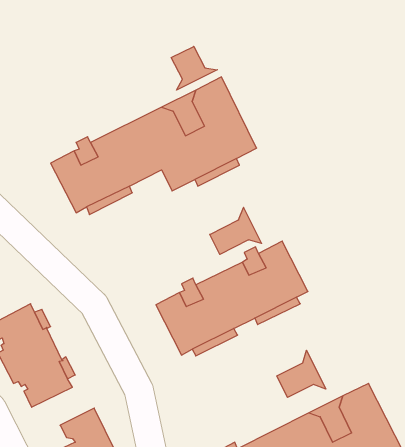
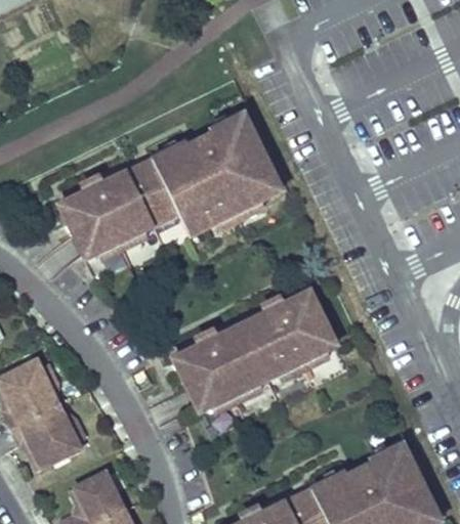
building: [171,46,217,90] -> none
building: [210,207,262,254] -> none
building: [277,350,326,397] -> none

